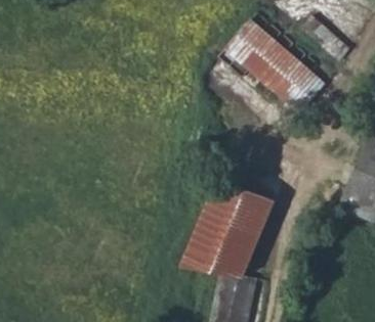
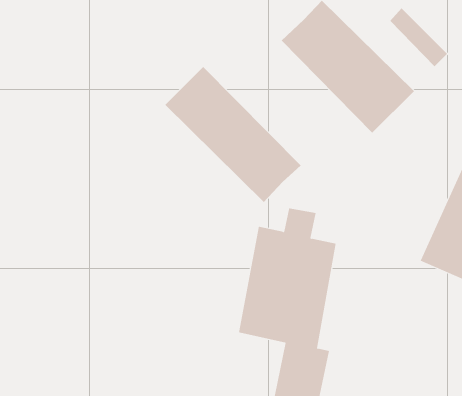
building: none -> [165,66,301,203]

